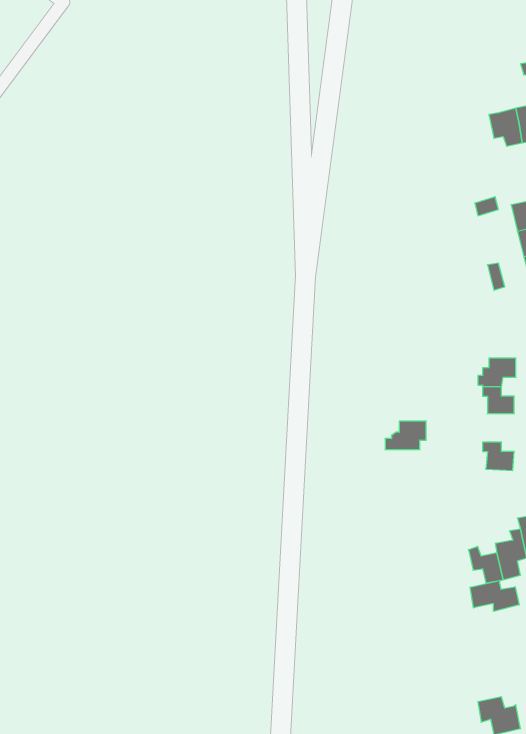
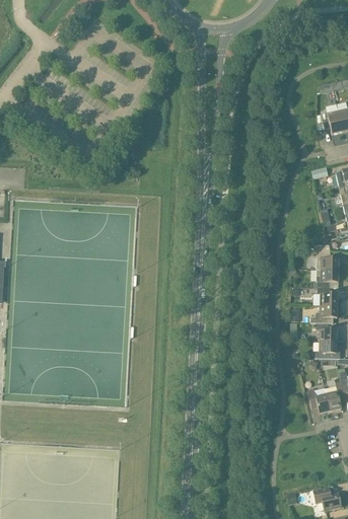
building: none -> [318,243,339,269]
building: [385,421,426,450] -> [311,304,338,322]
building: none -> [316,340,341,358]
building: [470,580,519,611] -> none

